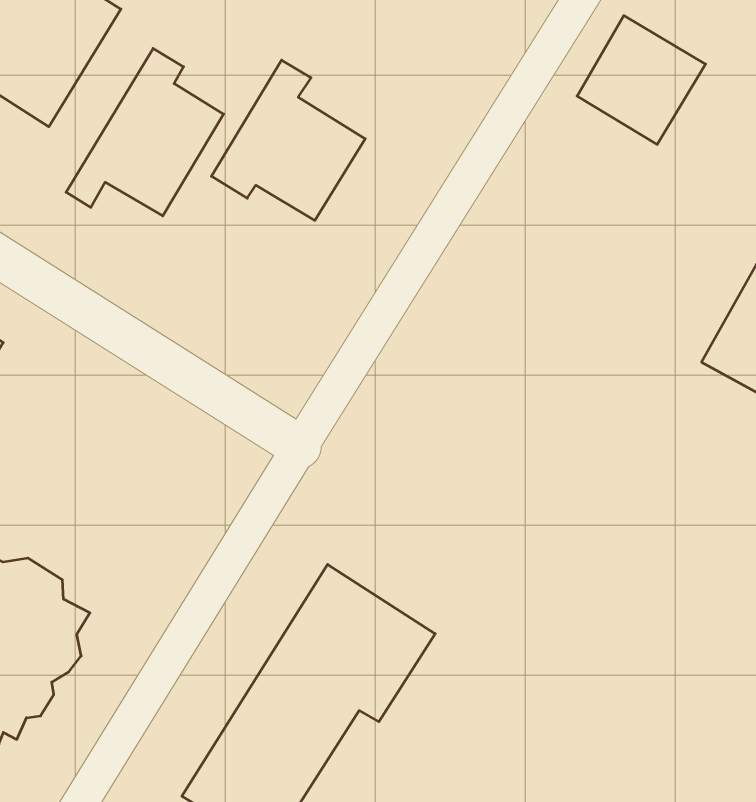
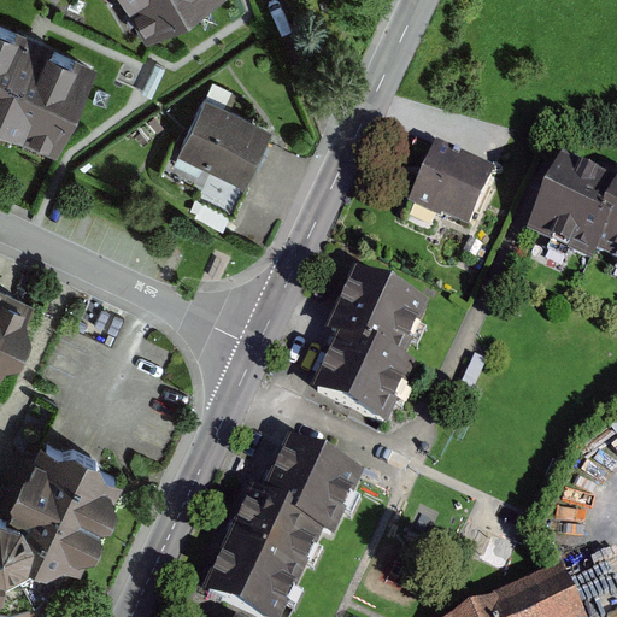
building: [577,16,706,144] -> [407,145,493,230]
building: [66,48,224,216] -> none
building: none -> [305,271,429,427]

